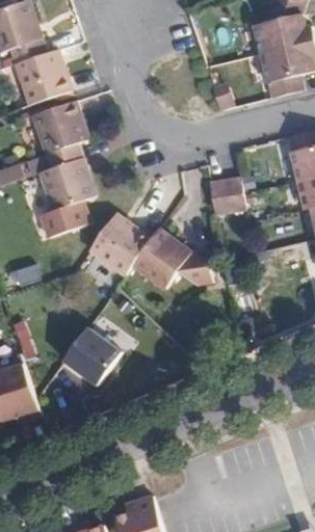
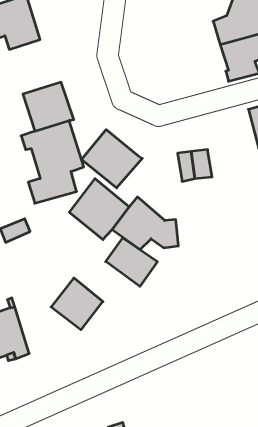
building: [14,52,69,103] -> none
building: none -> [82,130,142,188]
building: none -> [106,238,157,286]

